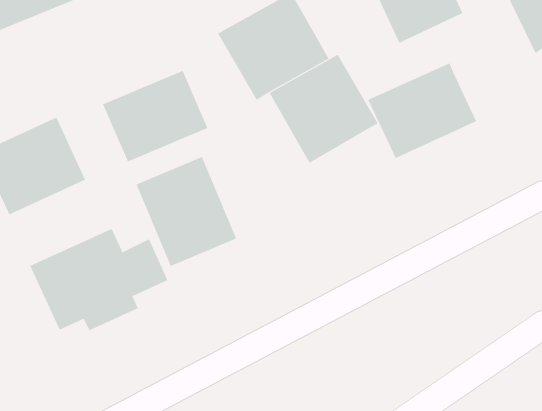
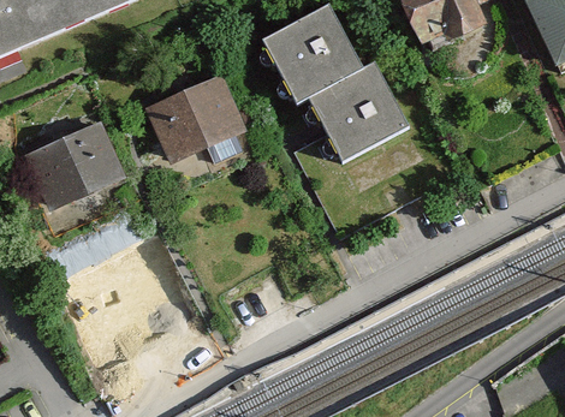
building: [368,63,477,159] -> none
building: [136,156,237,267] -> none
building: [29,228,168,331] -> none

